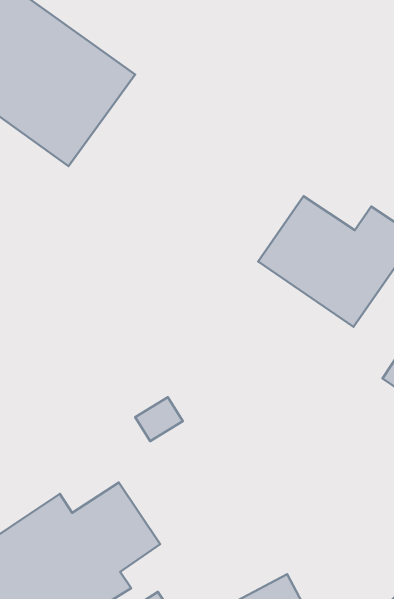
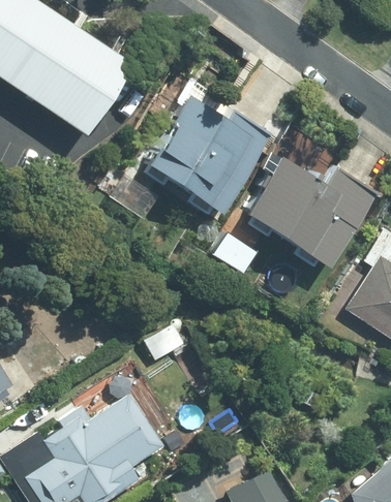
building: none -> [145,100,270,216]

